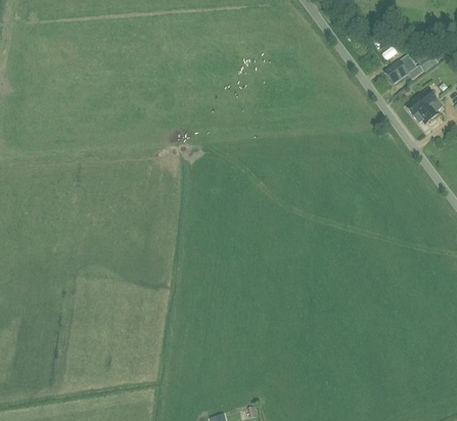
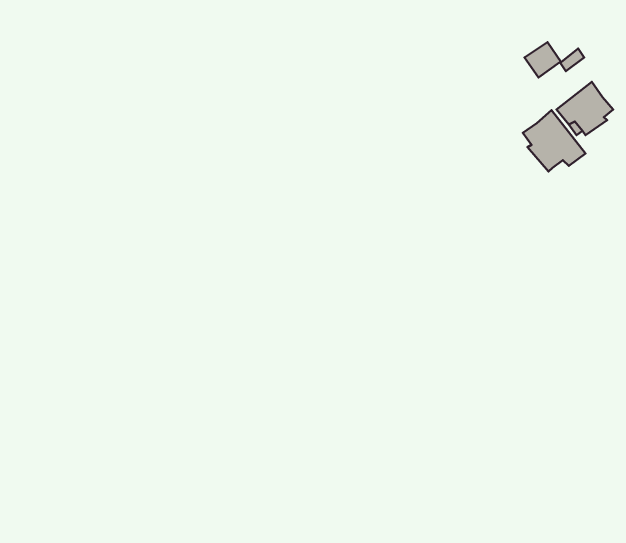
building: none -> [523,110,585,172]

